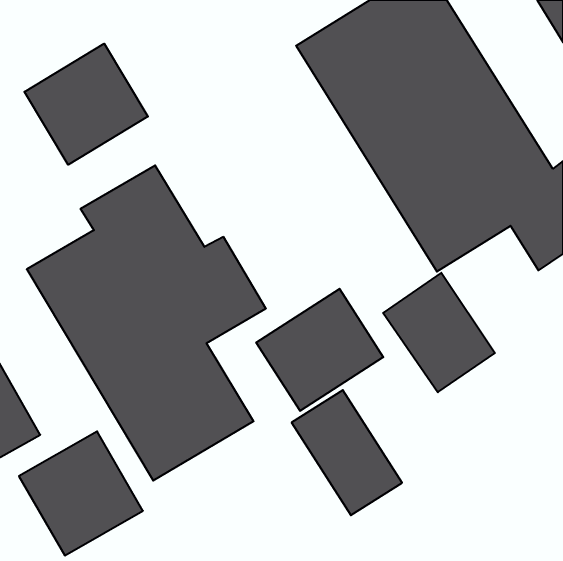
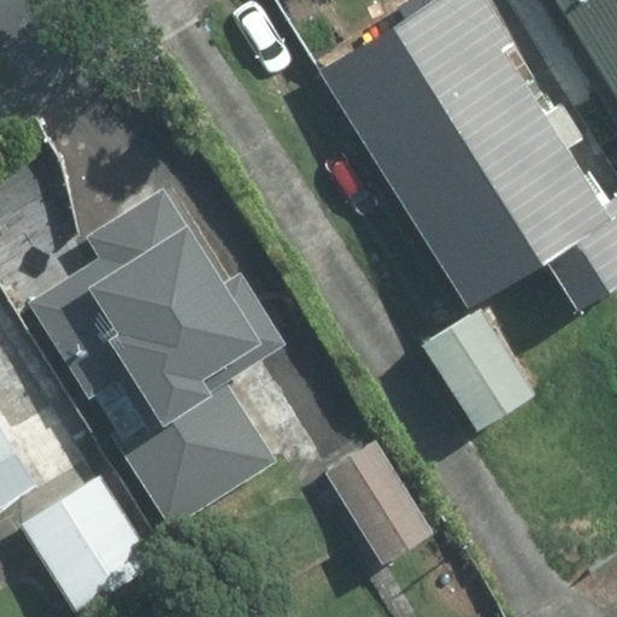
building: [24,44,148,165] -> none
building: [256,289,383,411] -> none

